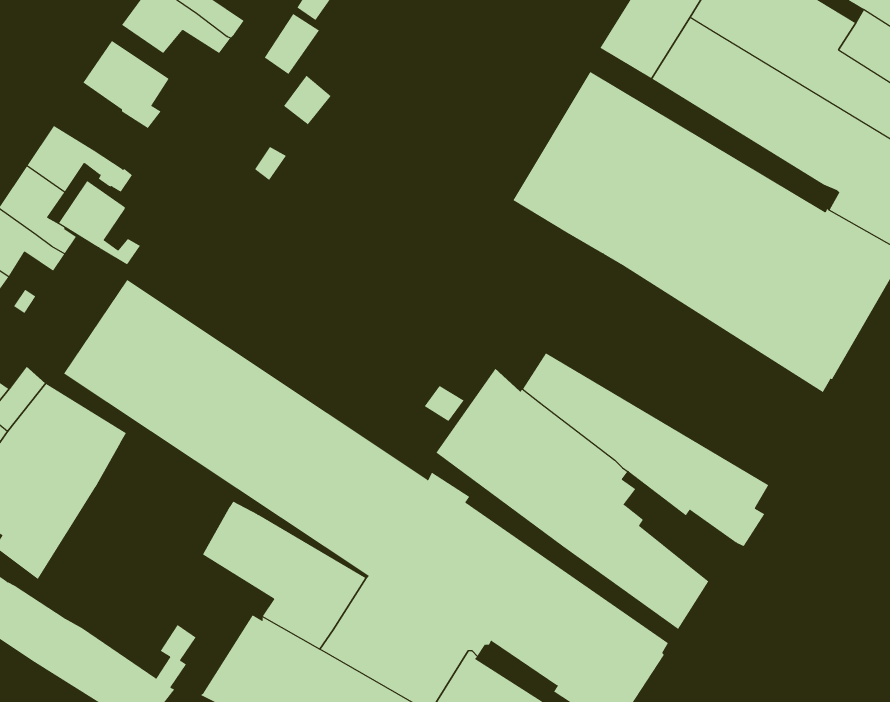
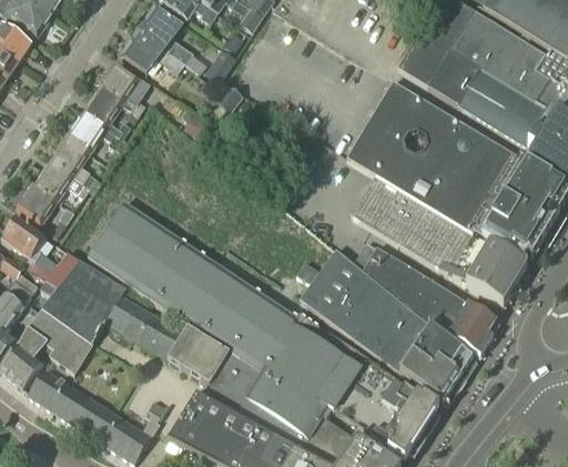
building: [58,180,141,265] -> [82,89,130,138]
building: none -> [345,156,526,307]
building: none -> [106,296,183,358]
building: none -> [409,313,471,376]

